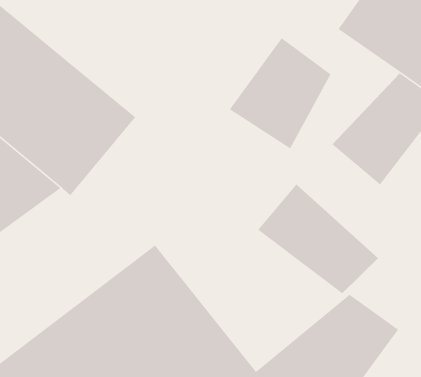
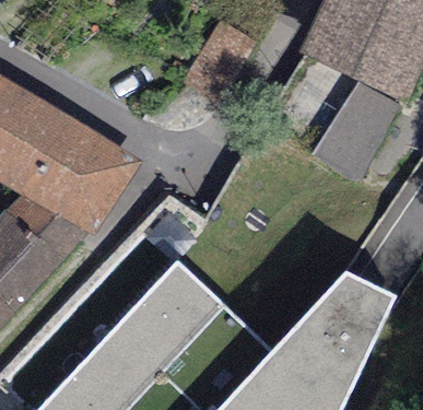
building: [229,37,332,150] -> none
building: [257,183,379,294] -> none

